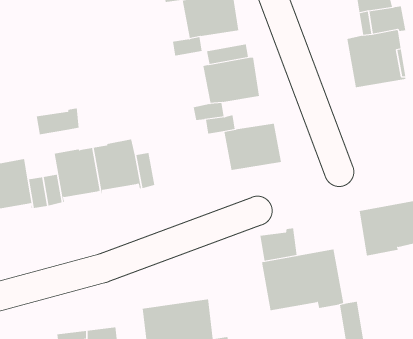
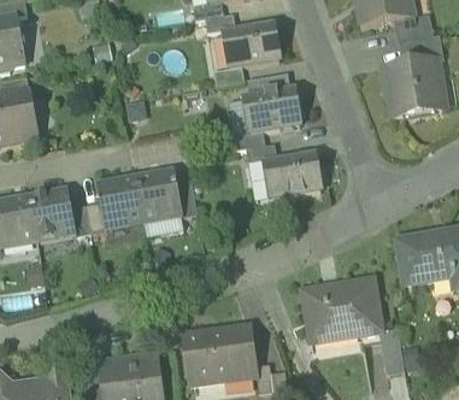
building: [36,108,79,135] -> none
building: [260,227,297,261] -> none

